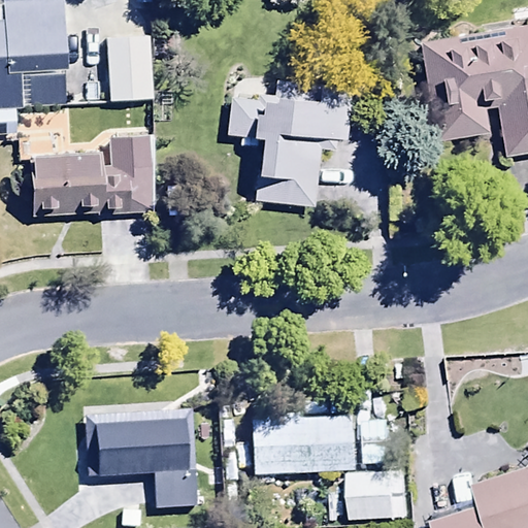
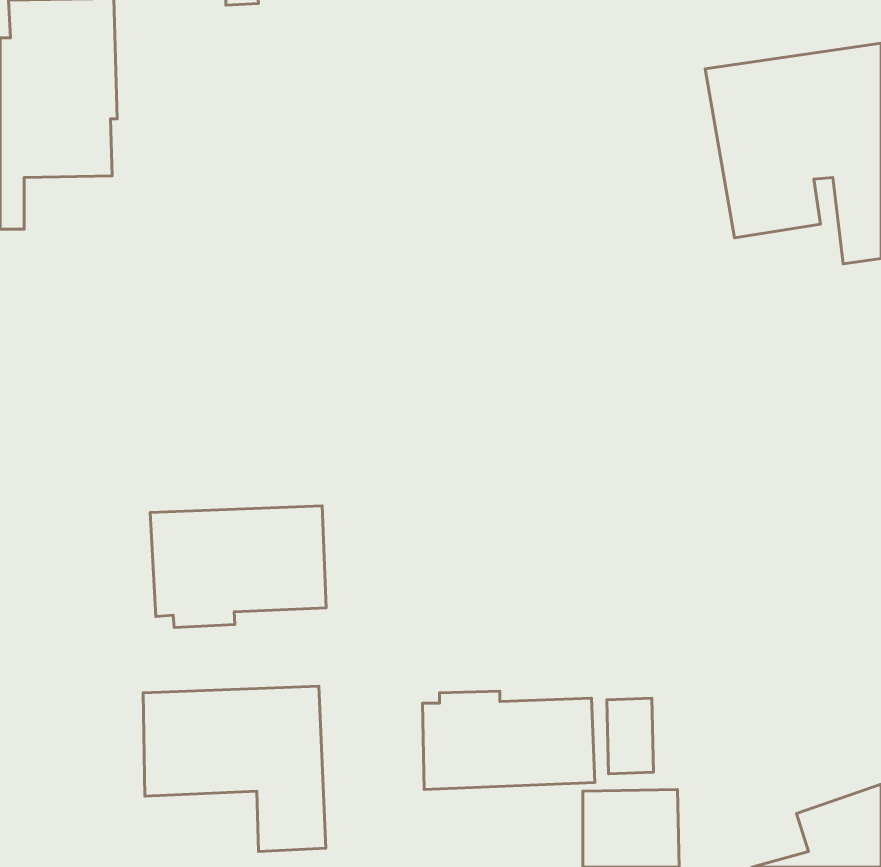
building: [108,36,154,100] -> none
building: [227,81,354,207] -> none
building: [33,136,154,213] -> none
building: none -> [150,506,326,628]

